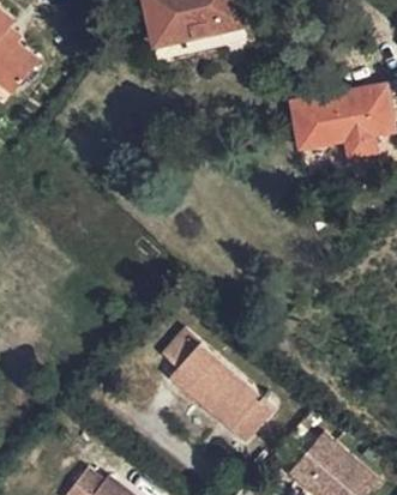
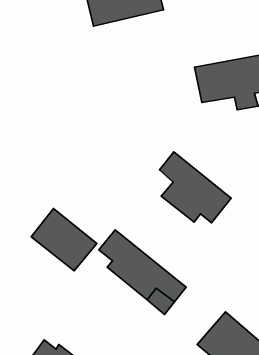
building: none -> [159,152,231,223]
building: none -> [31,209,97,271]

